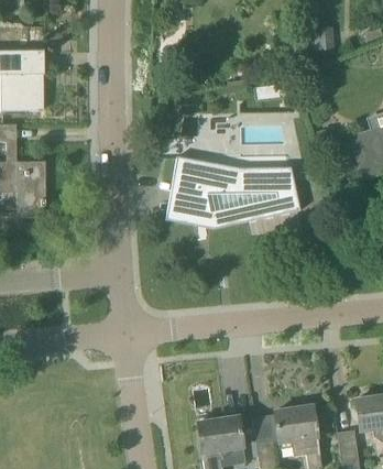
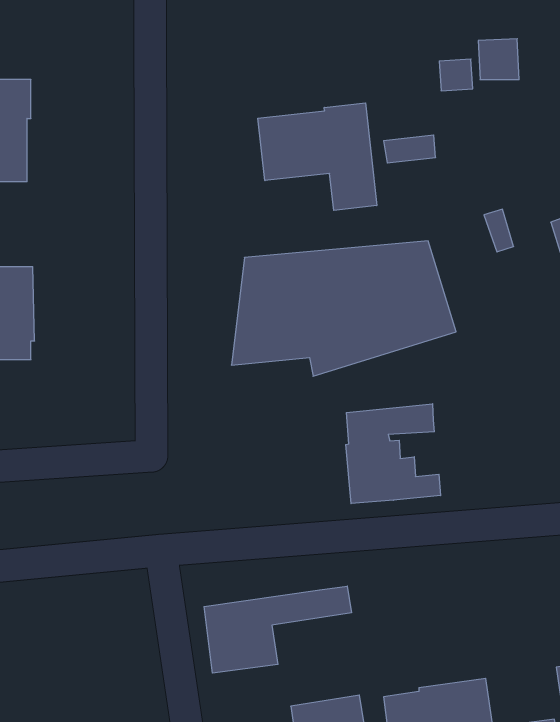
building: none -> [258,103,377,210]
building: none -> [346,404,441,504]
building: none -> [204,586,351,673]

